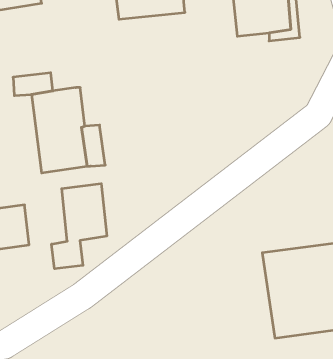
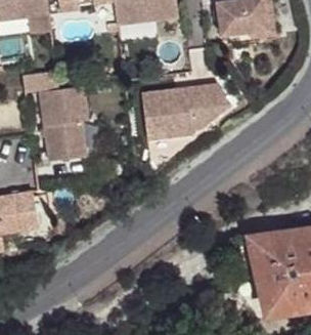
building: none -> [142,83,233,139]
building: [52,184,107,269] -> none

